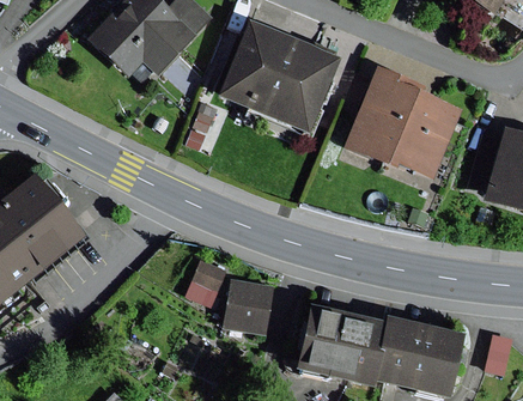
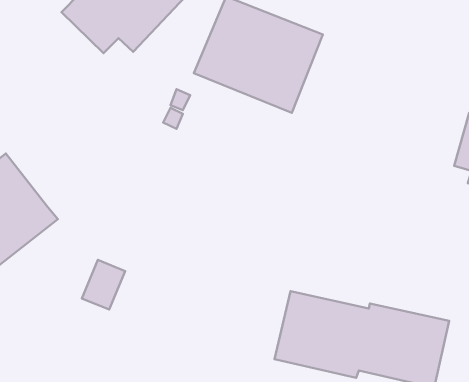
building: [343,65,463,178] -> none
building: [187,259,229,306] -> [82,260,125,310]
building: [224,279,275,334] -> none

